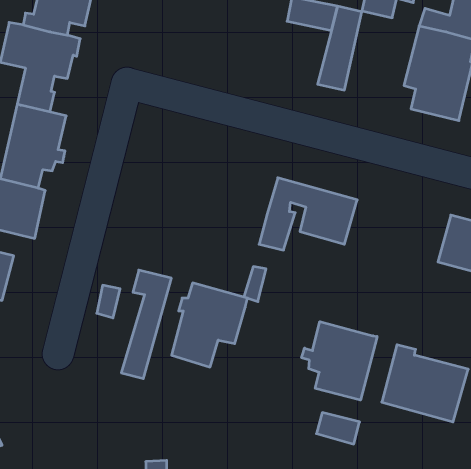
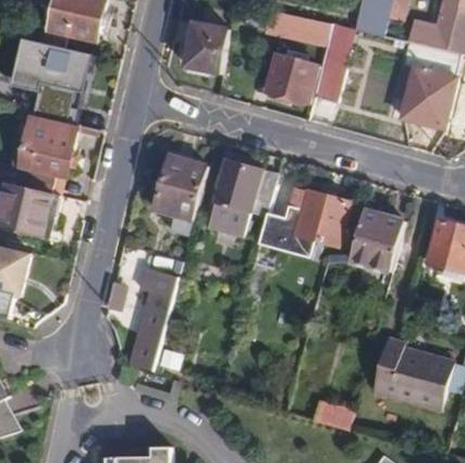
building: none -> [183,22,230,75]
building: none -> [264,51,318,103]
building: none -> [152,153,208,222]
building: none -> [348,209,403,272]
building: [172,283,248,367] -> [206,160,277,238]
building: [302,322,377,400] -> none

